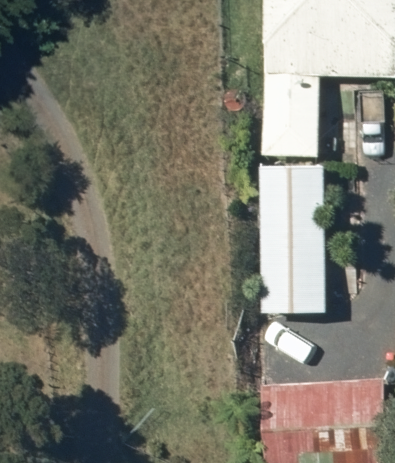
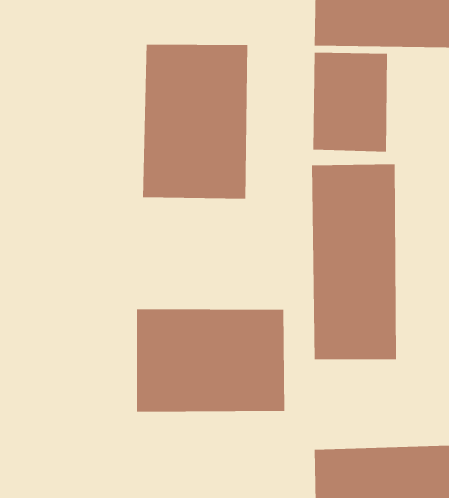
building: none -> [142,44,248,200]
building: none -> [136,309,285,412]

